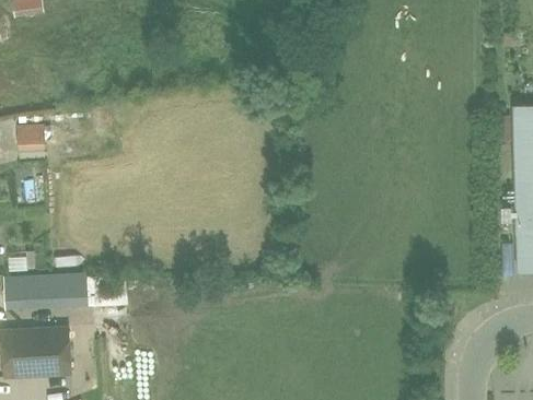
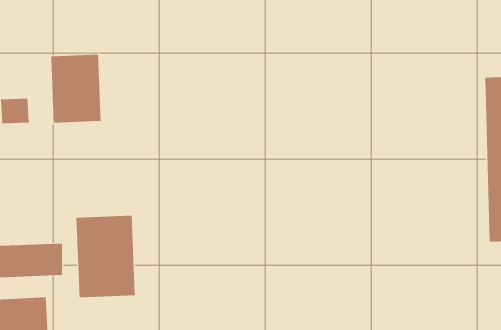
building: none -> [51,54,101,124]
building: none -> [76,215,135,298]

